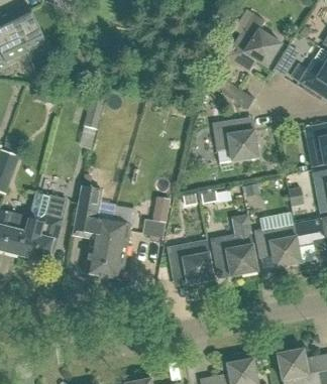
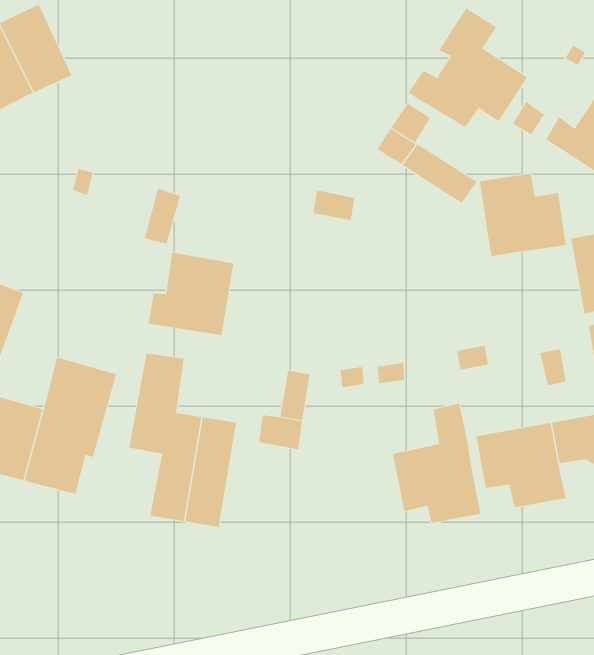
building: [213,119,258,162] -> [479,173,566,257]
building: none -> [148,252,234,336]
building: [168,239,214,283] -> none

